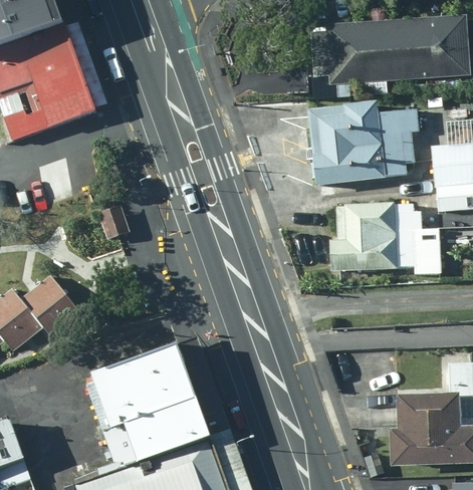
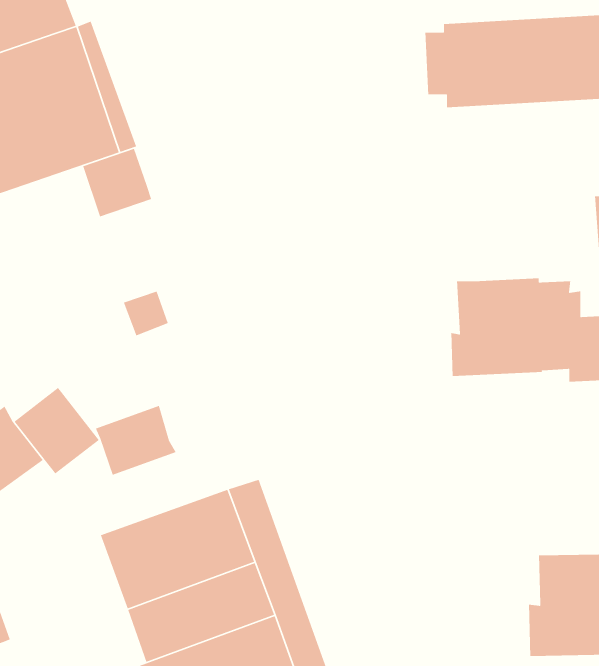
building: [303,99,417,184] -> none
building: none -> [82,148,152,217]
building: none -> [95,405,177,476]

